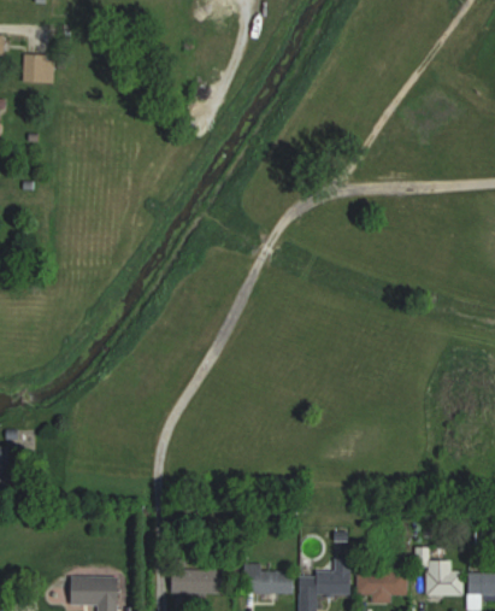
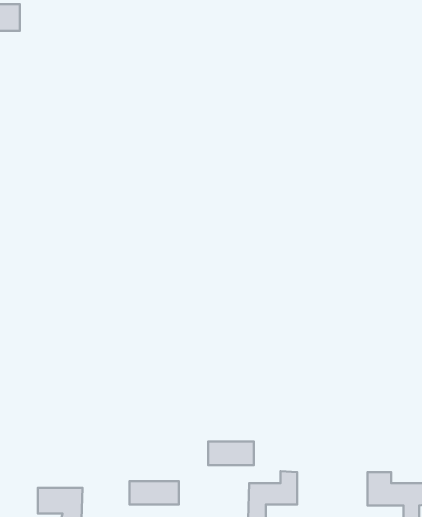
building: [243,568,293,593] -> [208,442,254,465]
building: [355,572,407,604] -> none

